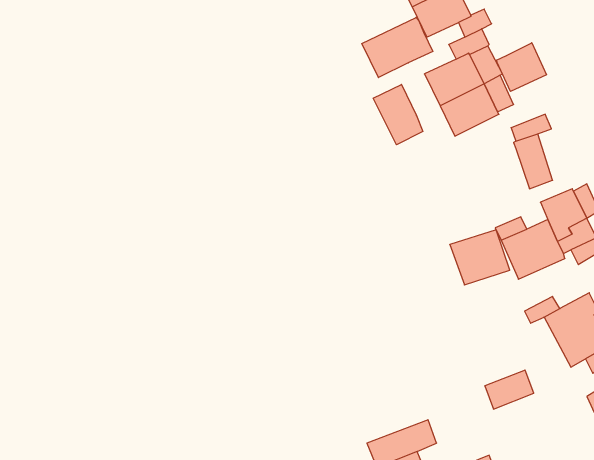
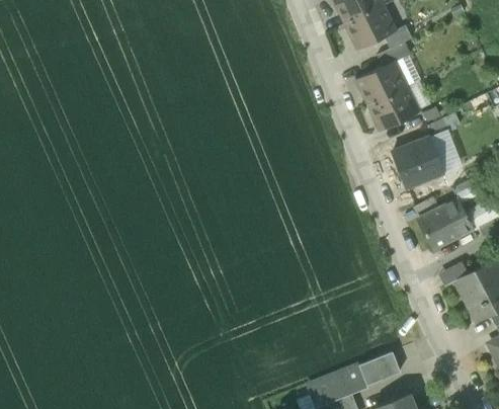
building: [362,17,433,78] -> none
building: [497,43,546,91] -> none
building: [373,84,423,145] -> none
building: [450,230,510,285] -> [393,141,442,186]
building: [485,370,534,409] -> [358,352,399,385]

